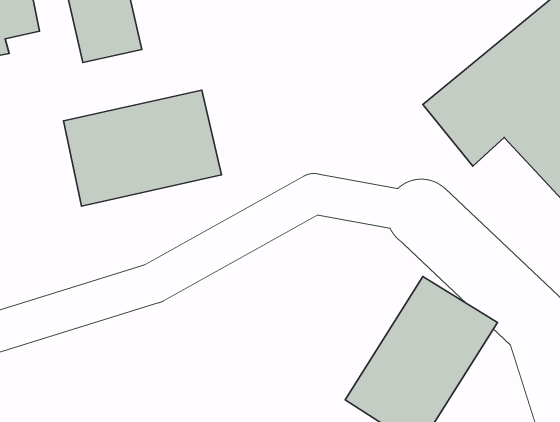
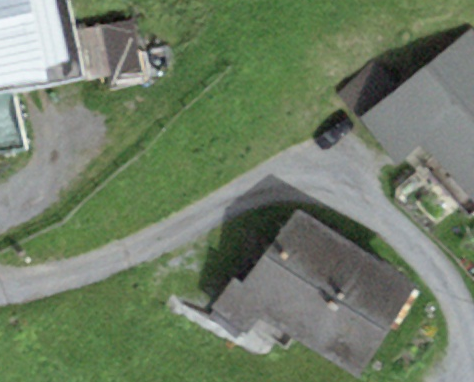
building: [63,90,222,206] -> none
building: none -> [210,210,360,344]

